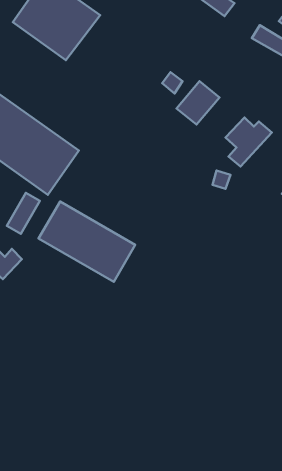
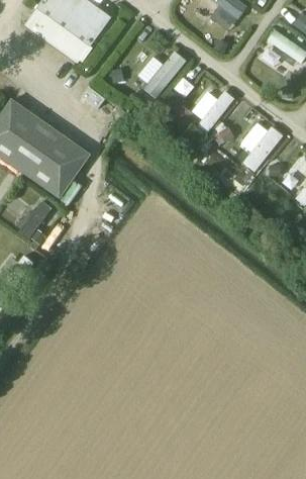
building: none -> [134,51,186,97]
building: [39,202,135,282] -> none

